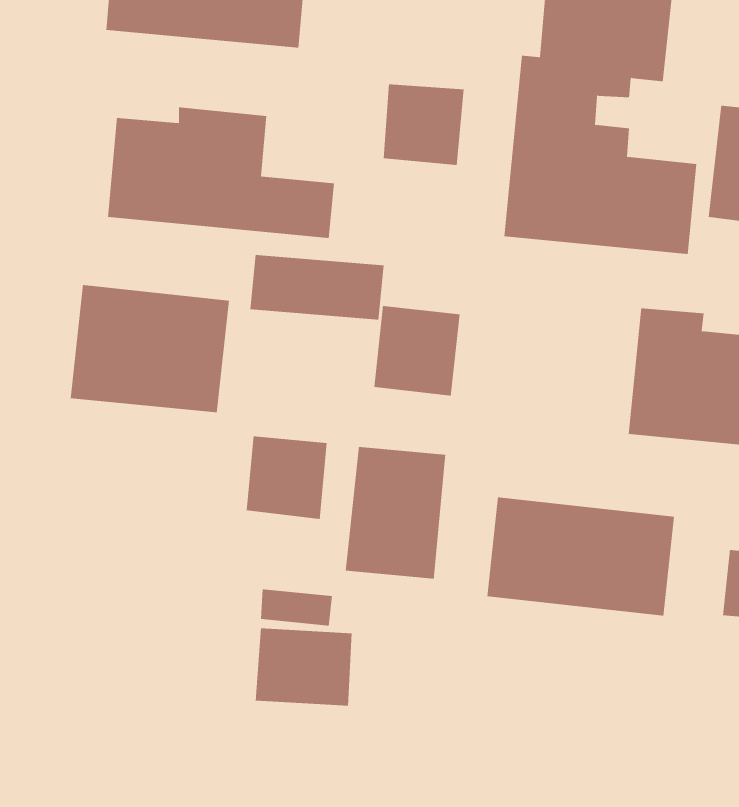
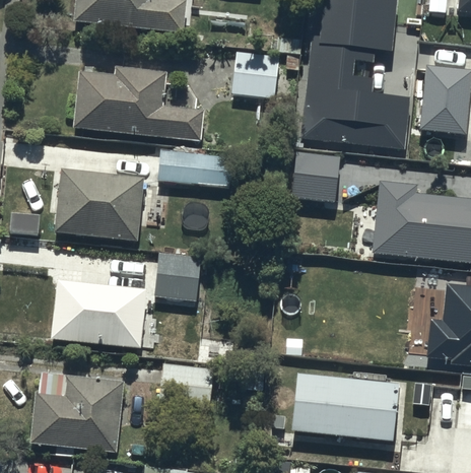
building: [373,305,460,396] -> [291,151,341,203]
building: [345,446,446,580] -> none
building: none -> [52,281,147,347]
building: [486,497,675,616] -> [291,374,399,442]
building: none -> [30,373,126,452]

